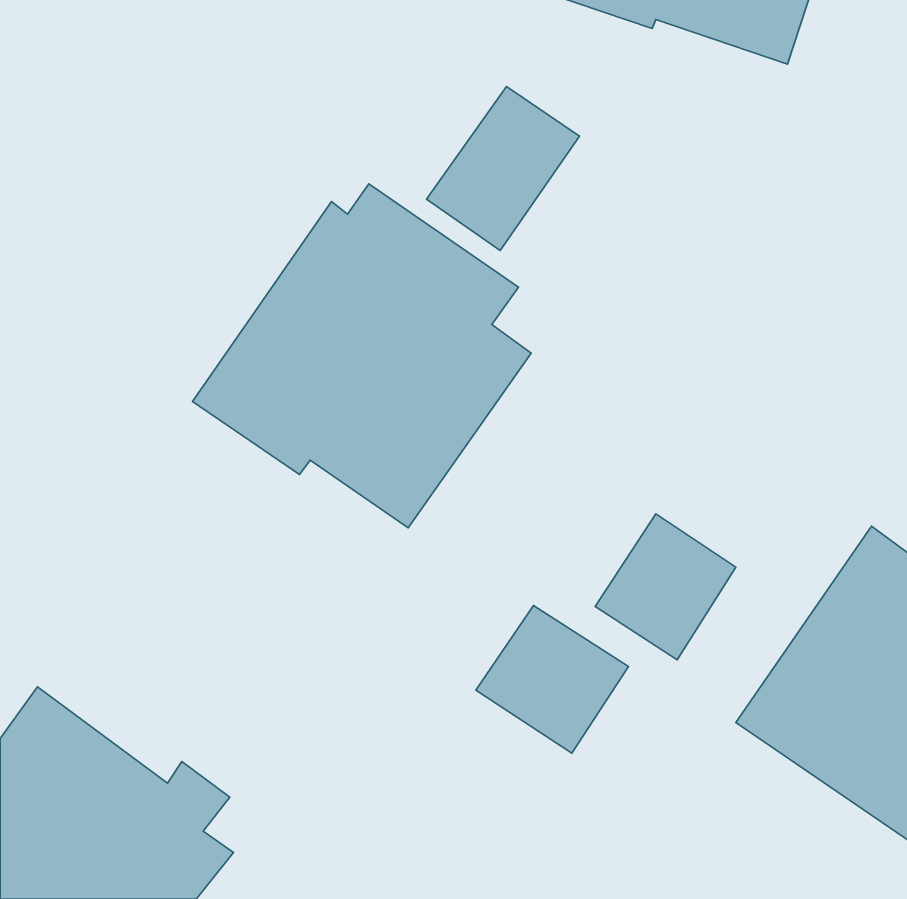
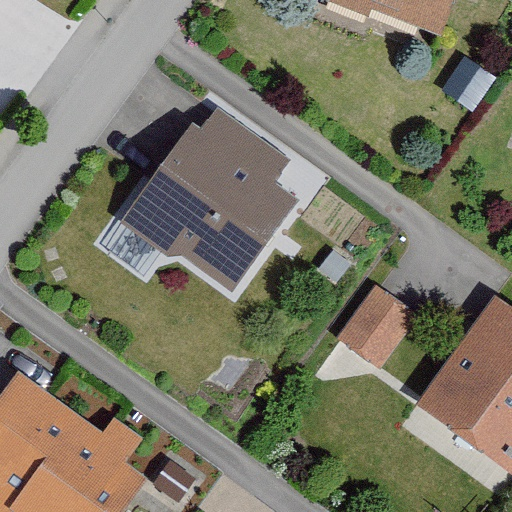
building: [427,87,580,250] -> none
building: [476,605,628,753] -> none

